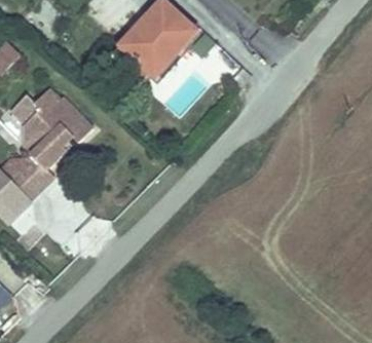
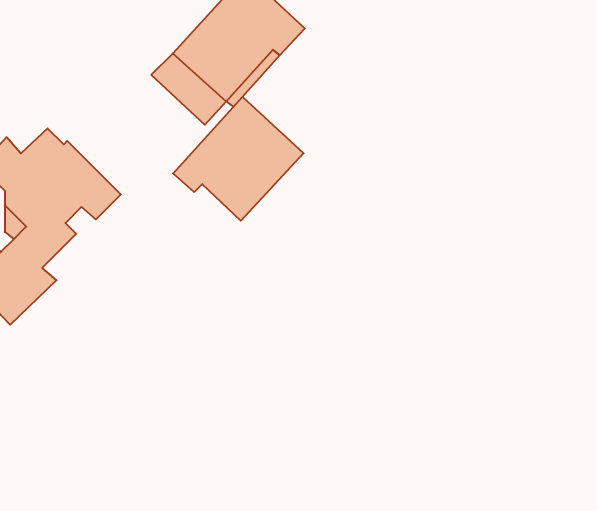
building: none -> [173,97,304,221]

